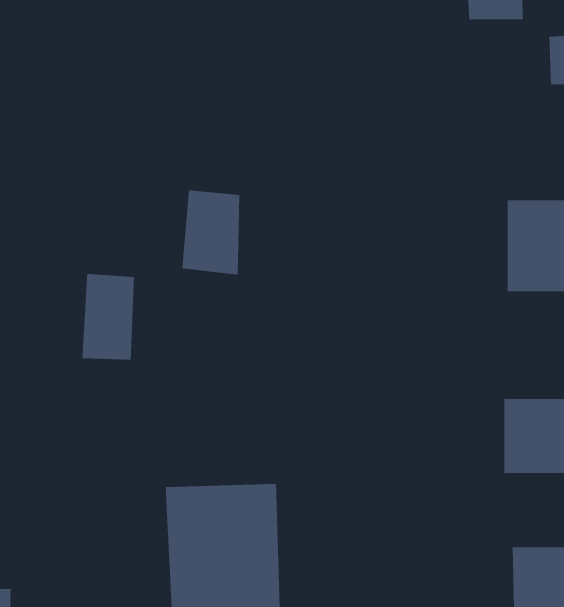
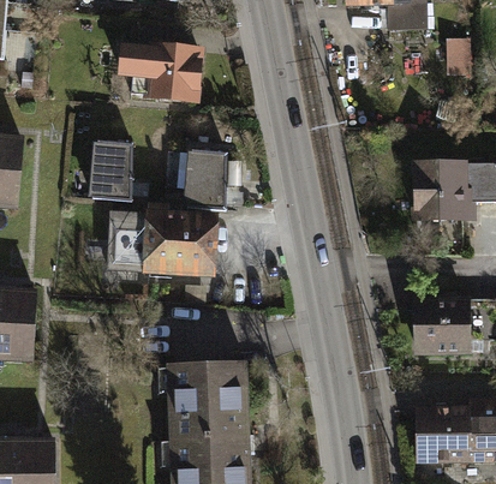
building: none -> [142,40,201,101]
building: none -> [85,139,129,201]
building: none -> [143,209,220,277]

